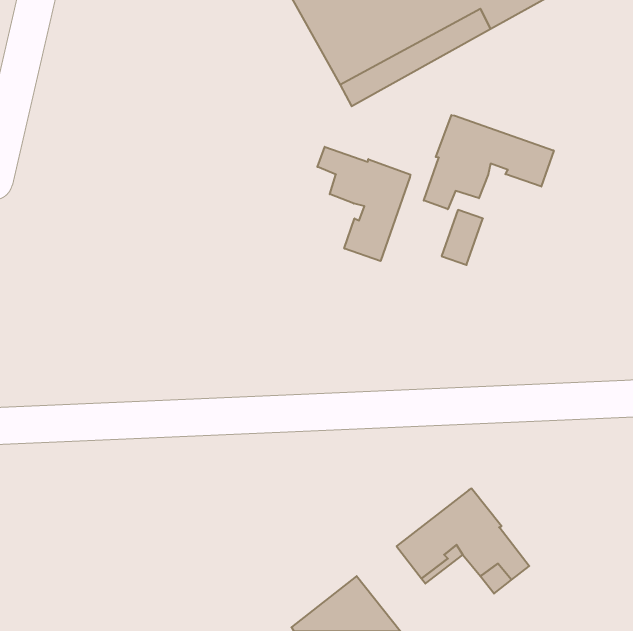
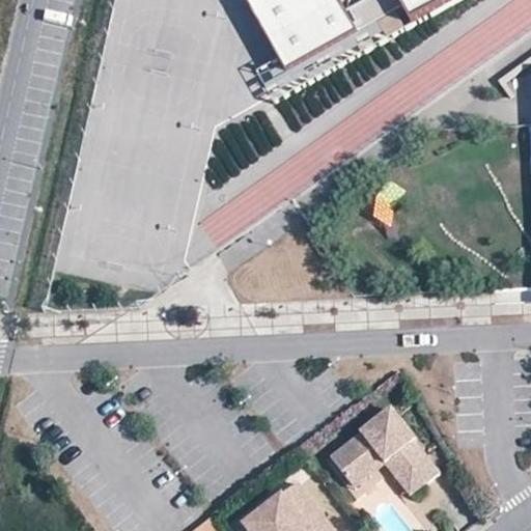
building: [424,115,554,209] -> none
building: [317,147,410,261] -> none

